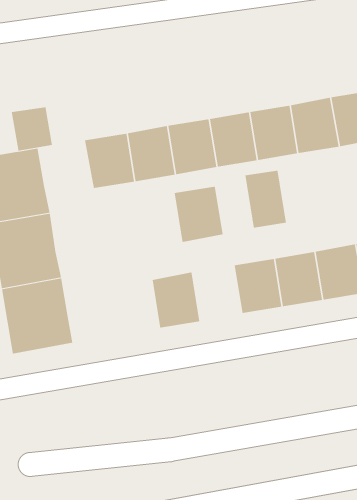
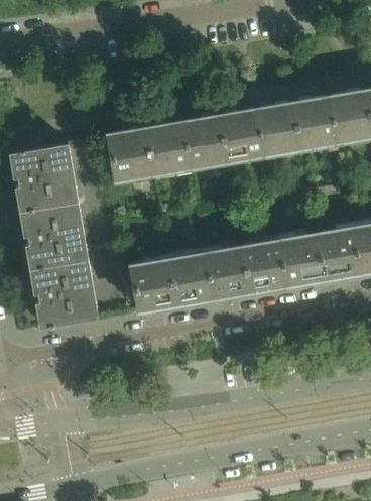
building: [11,107,52,151] -> none
building: [245,170,286,228] -> none
building: [174,186,223,242] -> [204,248,248,298]
building: none -> [130,261,174,310]

